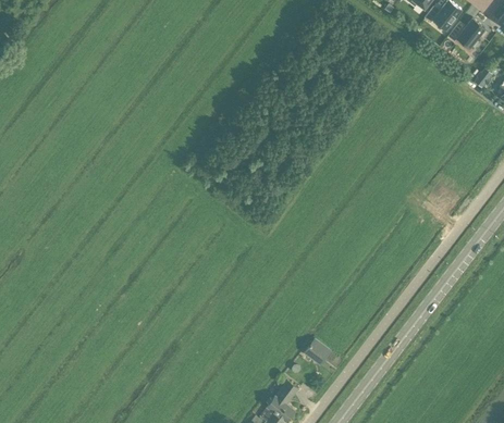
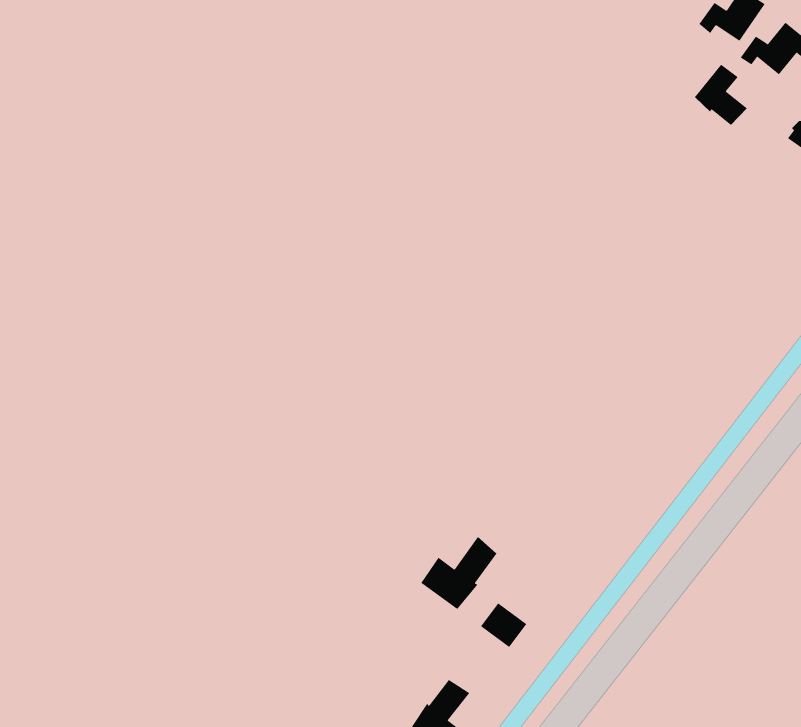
building: none -> [694,64,748,126]
building: none -> [420,536,497,610]

